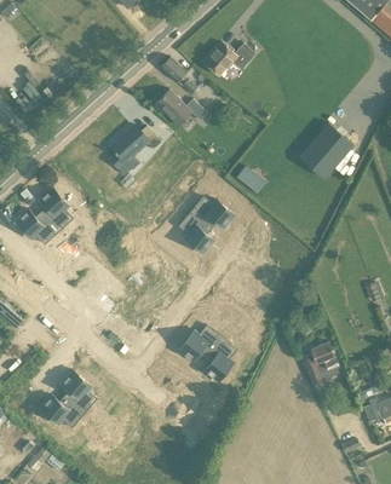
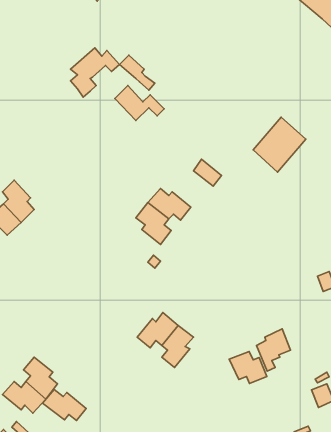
building: [201,44,254,76] -> none
building: [109,125,160,175] -> [70,48,120,97]
building: none -> [229,352,267,384]
building: none -> [42,390,86,421]

